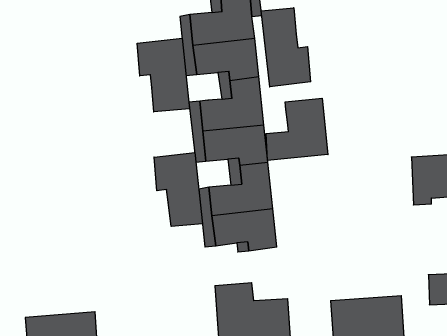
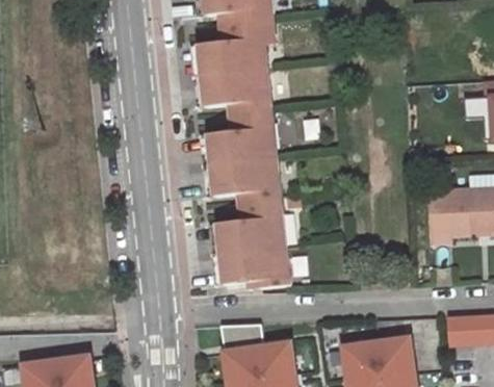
building: [261,8,311,87] -> none
building: [137,38,189,112] -> none
building: [266,98,328,161] -> none
building: [154,152,202,226] -> none

